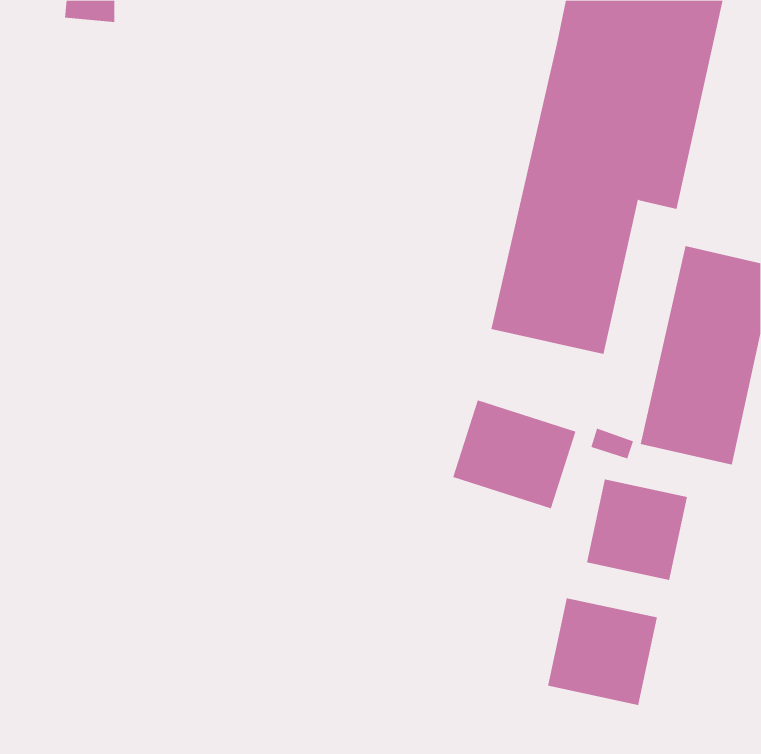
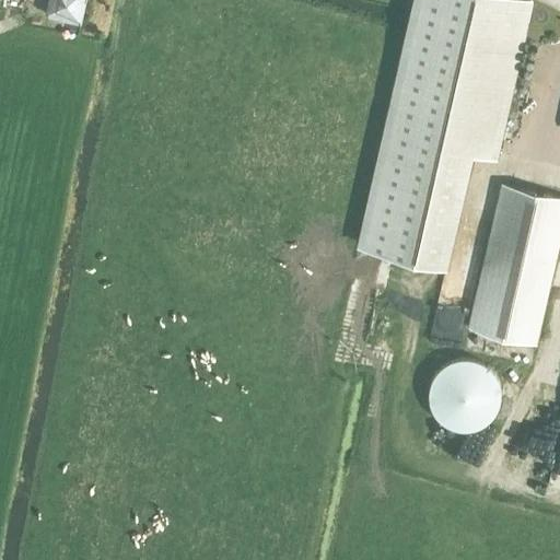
building: [452,399,576,509] -> none
building: [548,597,658,706] -> none

